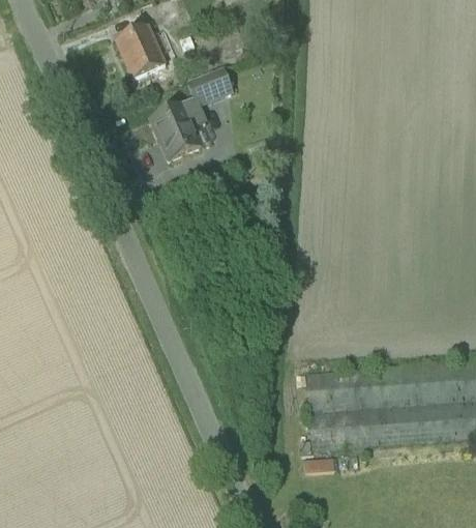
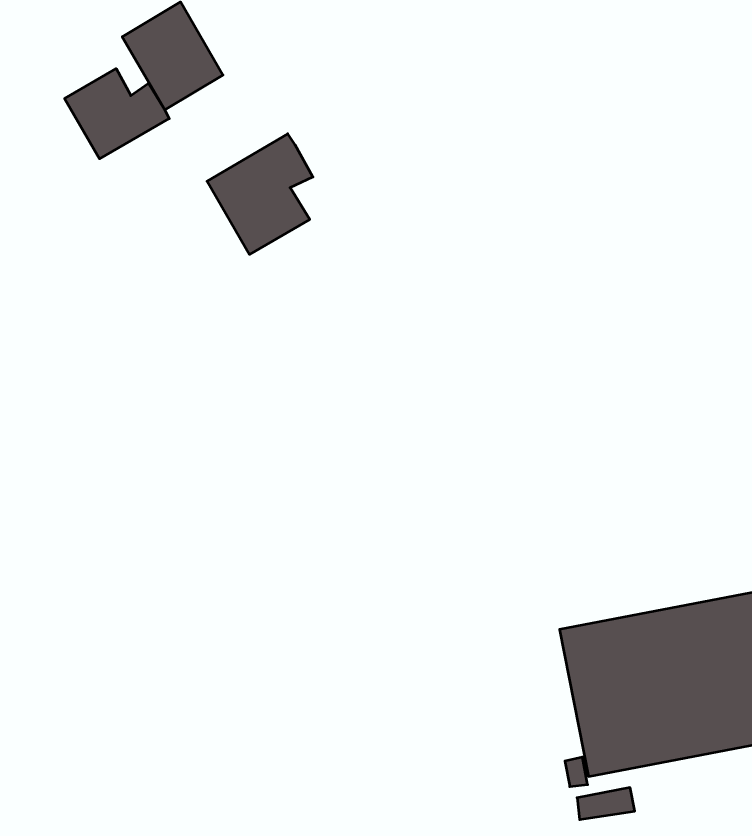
building: none -> [65,69,169,159]
building: [188,68,233,106] -> none

